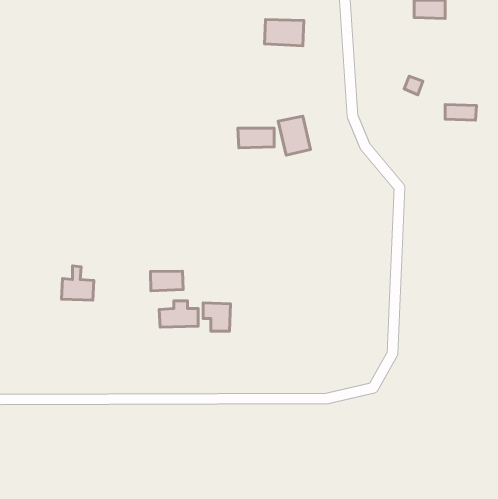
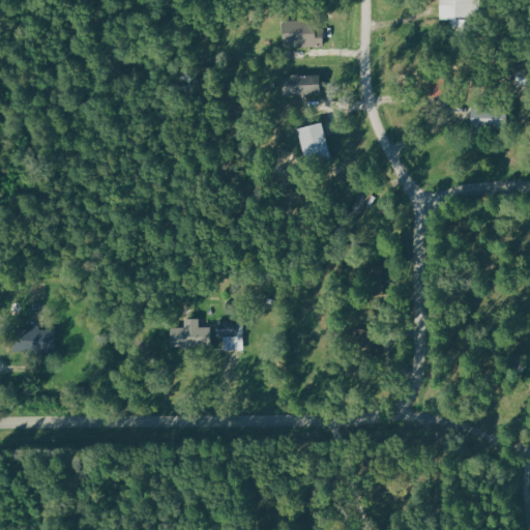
building: [238,128,274,148] -> [278,76,317,96]
building: [62,266,94,300] -> [19,315,53,351]
building: [150,271,183,291] -> none

